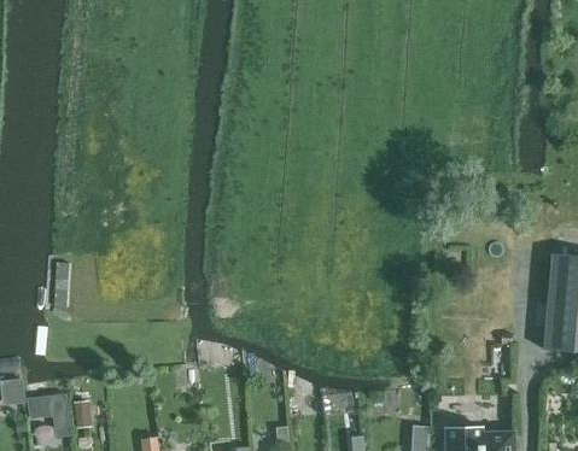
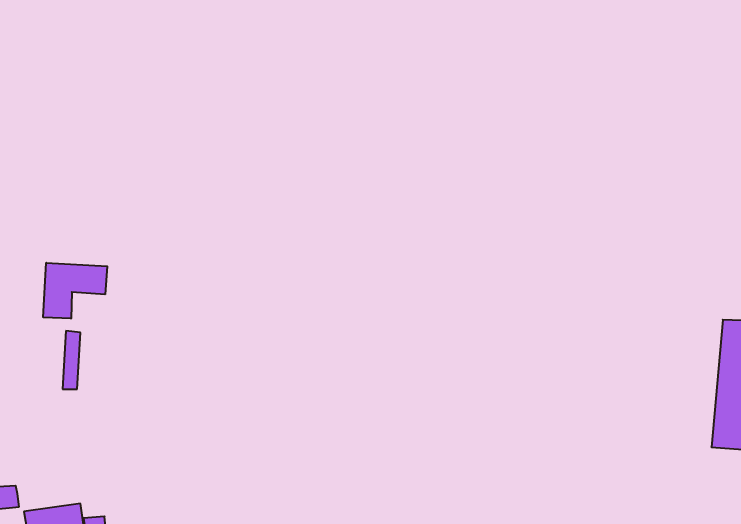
building: none -> [43,263,107,319]

